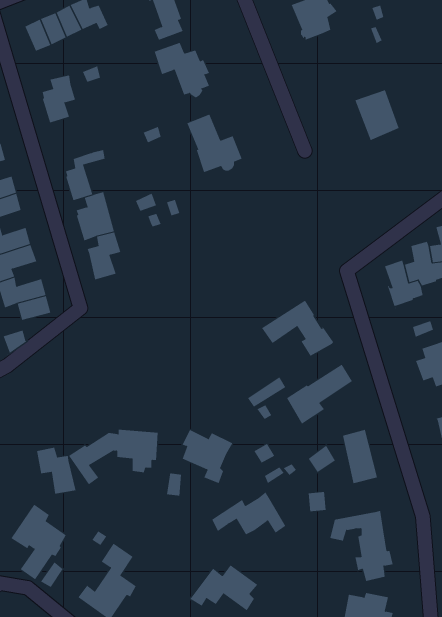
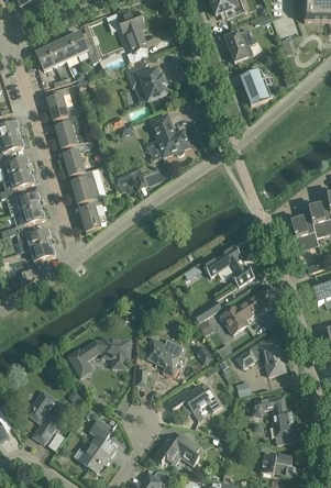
building: [354,89,400,141] -> [239,68,271,104]
building: none -> [55,113,82,147]
building: [37,447,76,495] -> none

